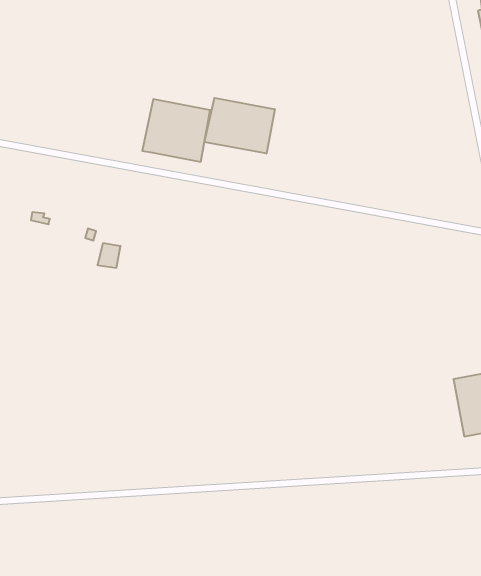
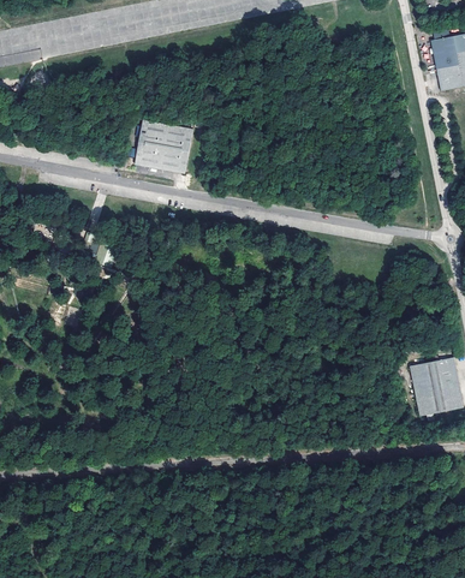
building: [205,98,275,154] -> none

